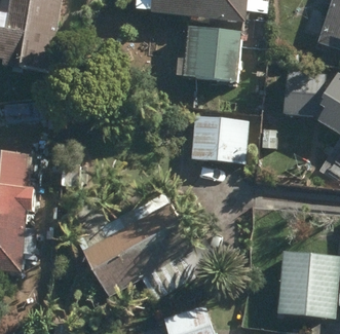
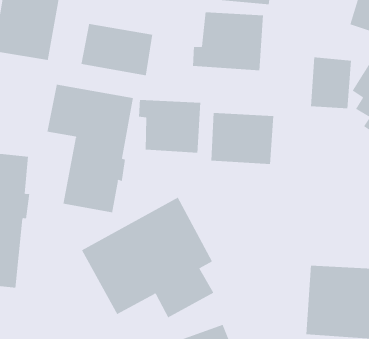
building: none -> [81,23,153,76]
building: none -> [47,84,134,213]
building: none -> [138,99,201,153]

